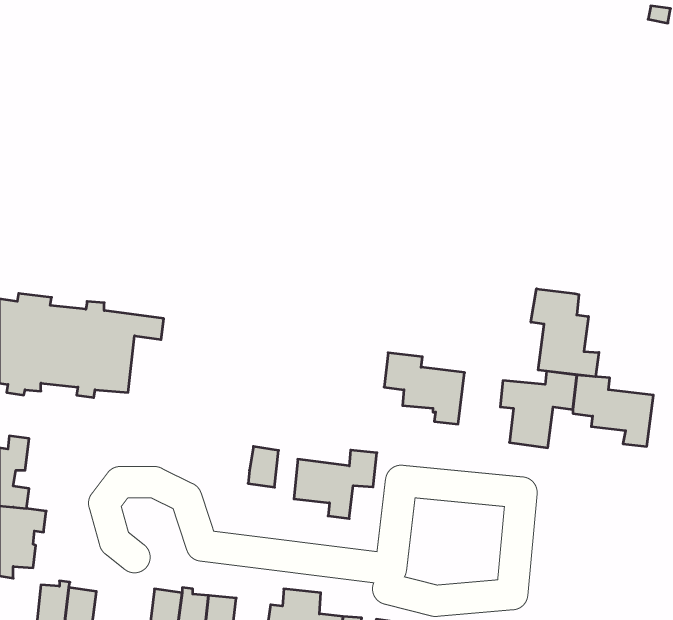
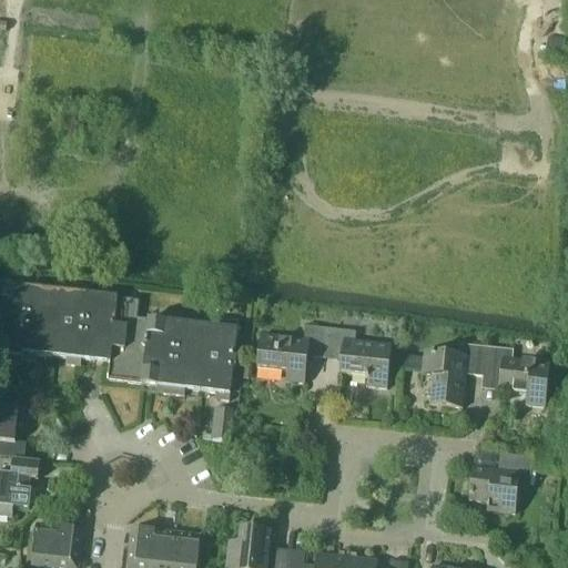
building: [531,289,599,377] -> none
building: none -> [106,312,239,399]
building: [294,450,377,519] -> [257,325,327,383]
building: none -> [468,453,532,514]

